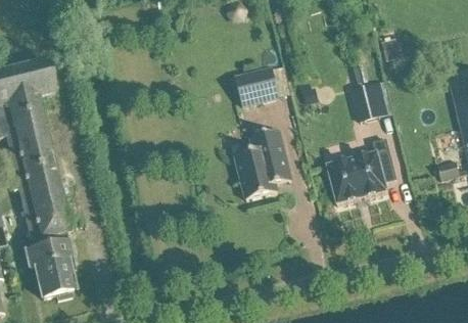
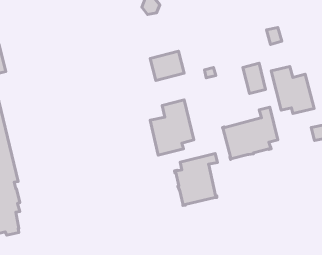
building: none -> [271,67,314,114]
building: none -> [175,153,218,206]

